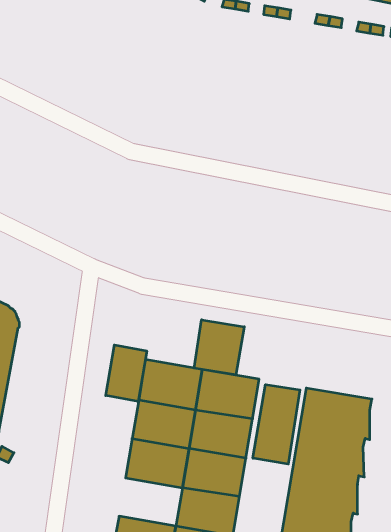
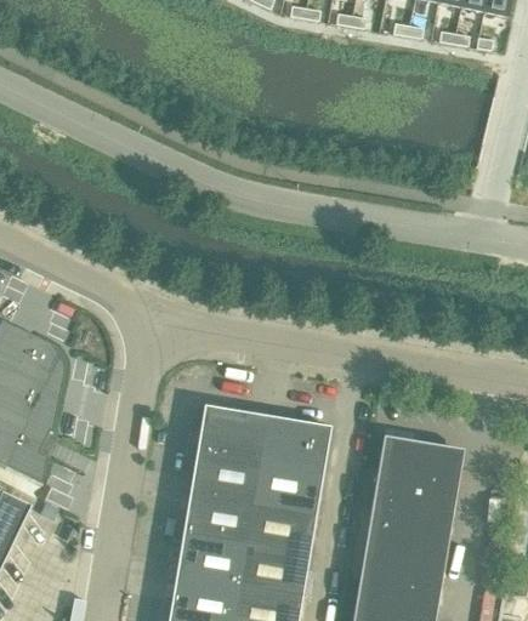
building: [194,320,244,375] -> none
building: [106,345,147,402] -> none
building: [253,385,300,464] -> none
building: none -> [175,536,245,589]

